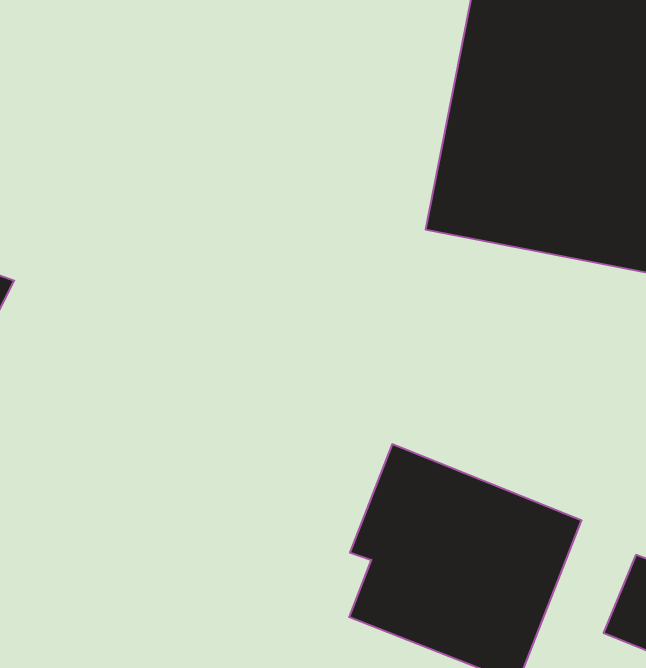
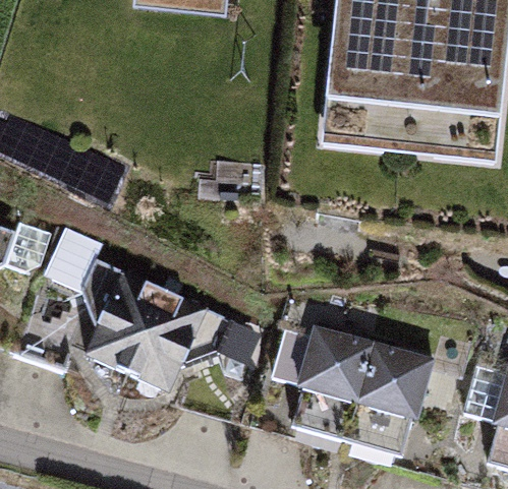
building: none -> [81,254,240,396]

